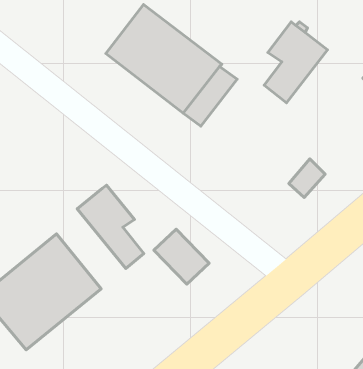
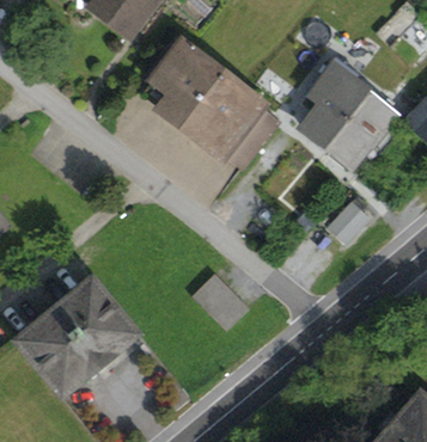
building: none -> [327,91,399,162]
building: [77,185,144,269] -> none

